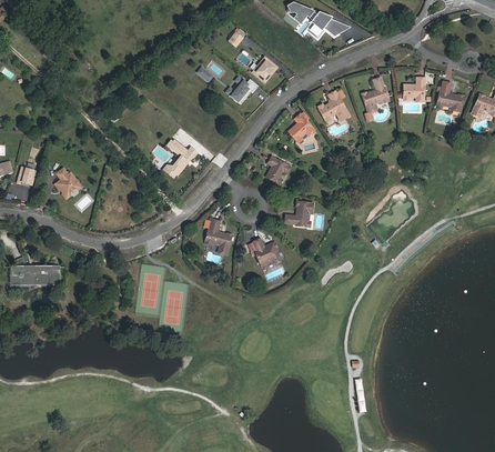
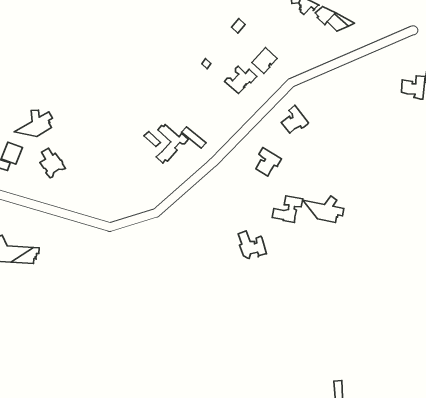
building: [362,77,388,111] -> none
building: [319,90,348,119] -> none
building: none -> [14,110,53,136]
building: none -> [303,196,344,222]
building: [200,219,231,253] -> none

